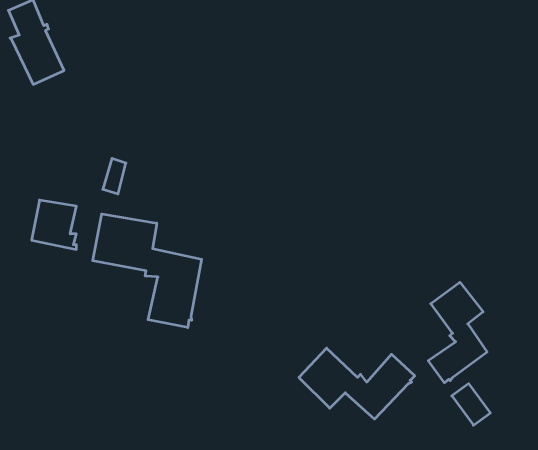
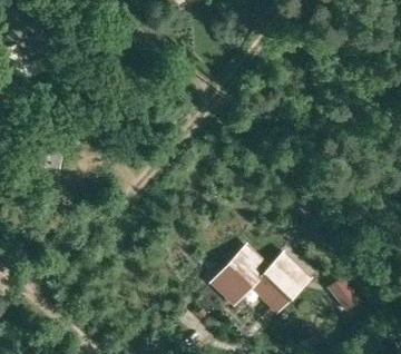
building: [93,214,202,328] -> none
building: [428,282,487,383] -> none

